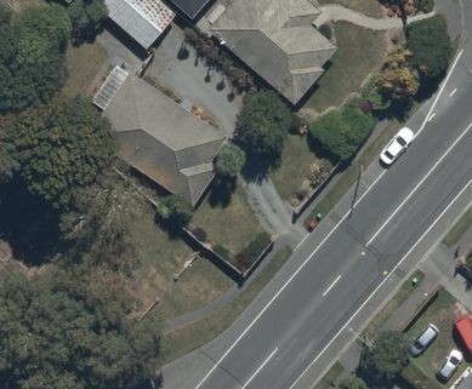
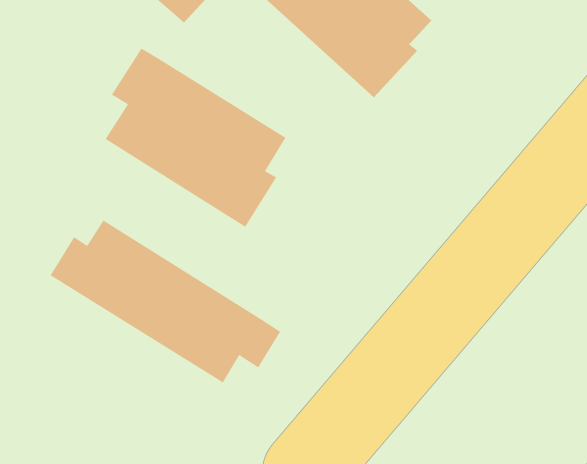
building: none -> [49,219,281,383]

